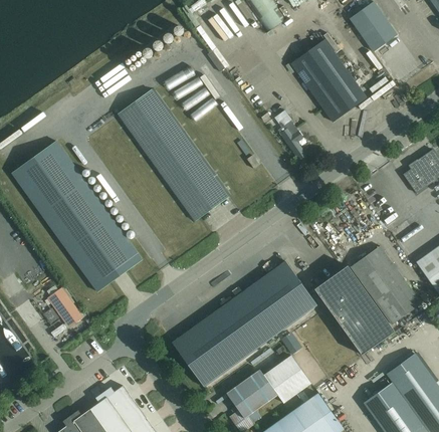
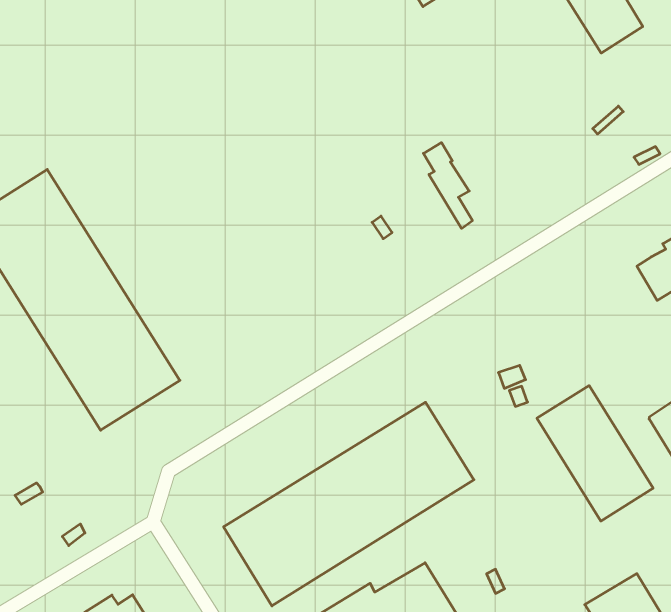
building: [291,40,366,122] -> none
building: [116,88,230,222] -> none
building: [314,266,395,356] -> none
building: [48,290,80,327] -> none

